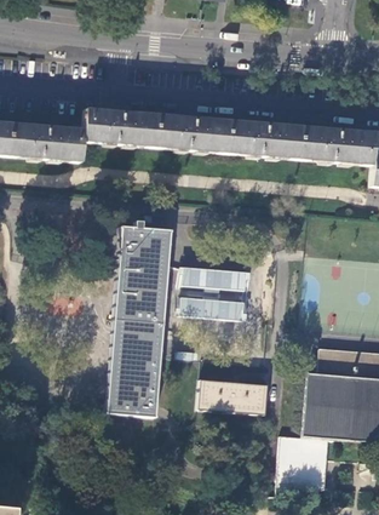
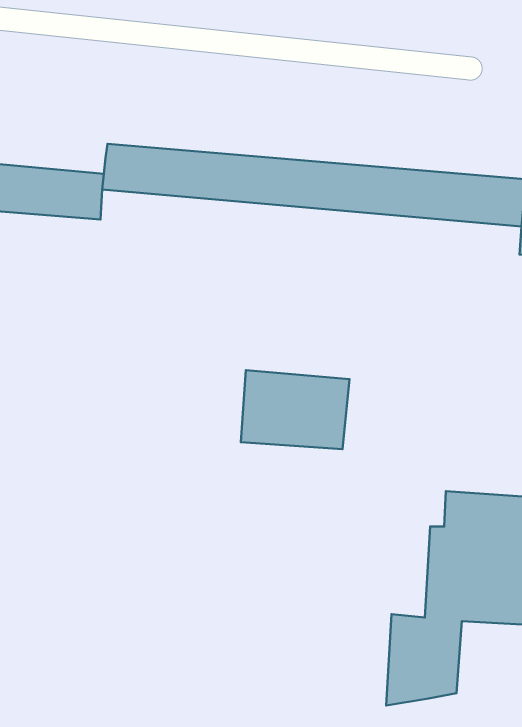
building: [108,225,171,414] -> none
building: [200,378,268,413] -> none

